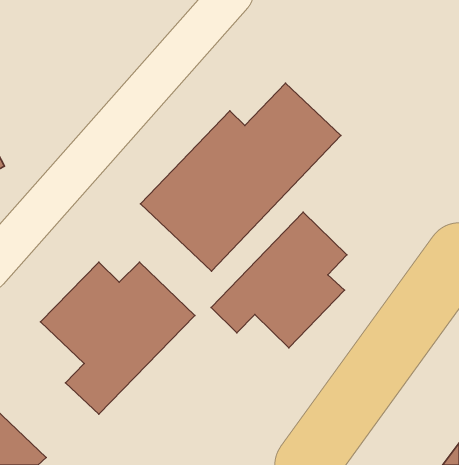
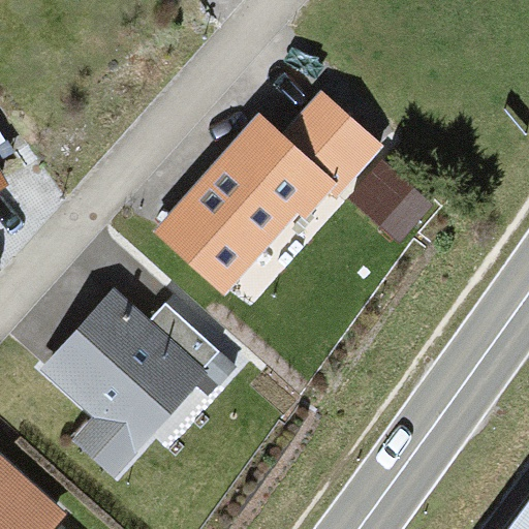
building: [211,212,347,348] -> none

